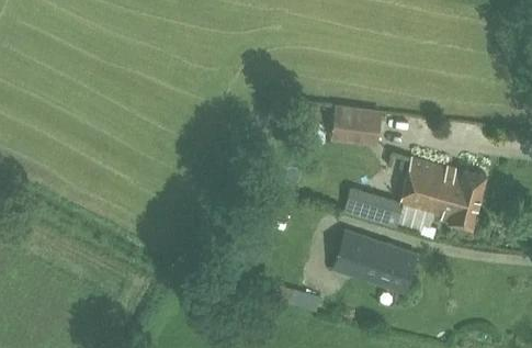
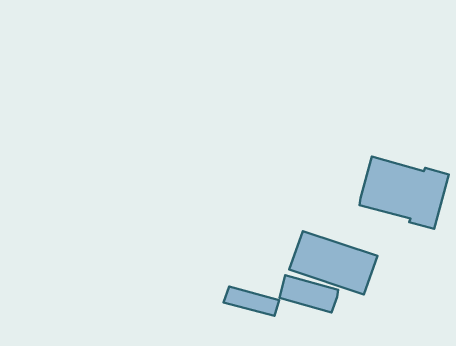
building: [331,106,384,149] -> none
building: [344,187,401,223] -> [279,275,338,313]

